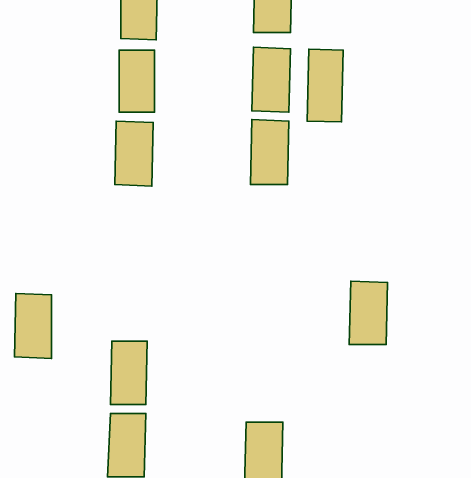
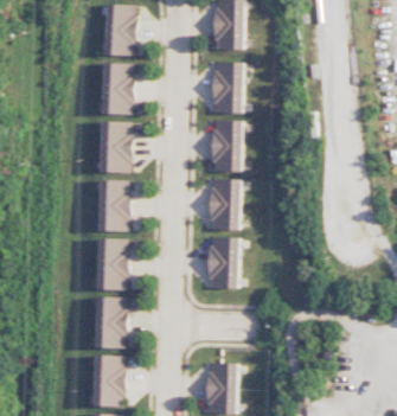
building: [307,49,343,122] -> none
building: none -> [207,178,238,230]
building: none -> [100,180,130,231]
building: [349,281,388,344] -> [206,237,237,288]
building: [15,293,51,358] -> [98,238,128,290]

